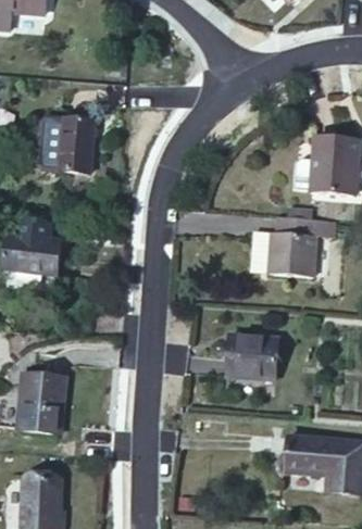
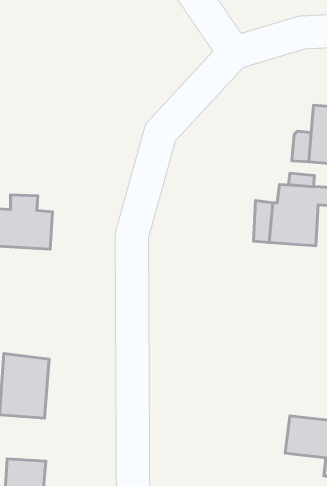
building: [36,127,99,182] -> none
building: [230,339,280,379] -> none

